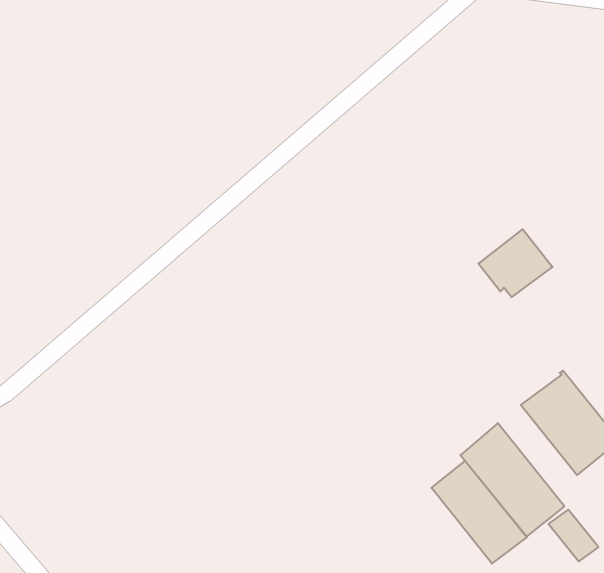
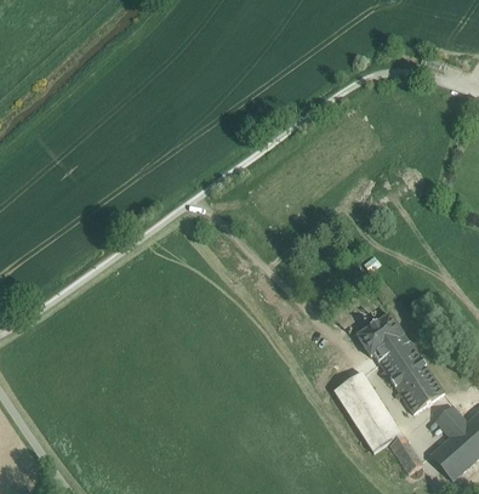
building: [478,229,553,297] -> [357,313,407,359]
building: [431,461,527,564] -> none

